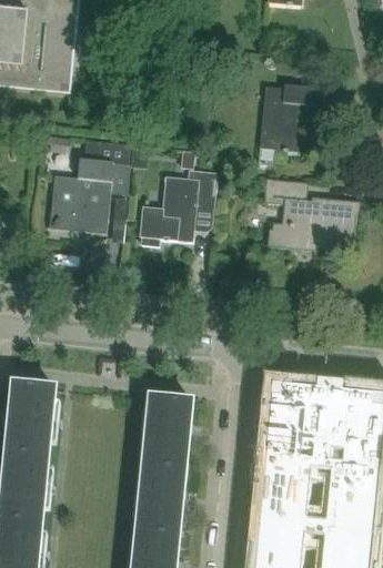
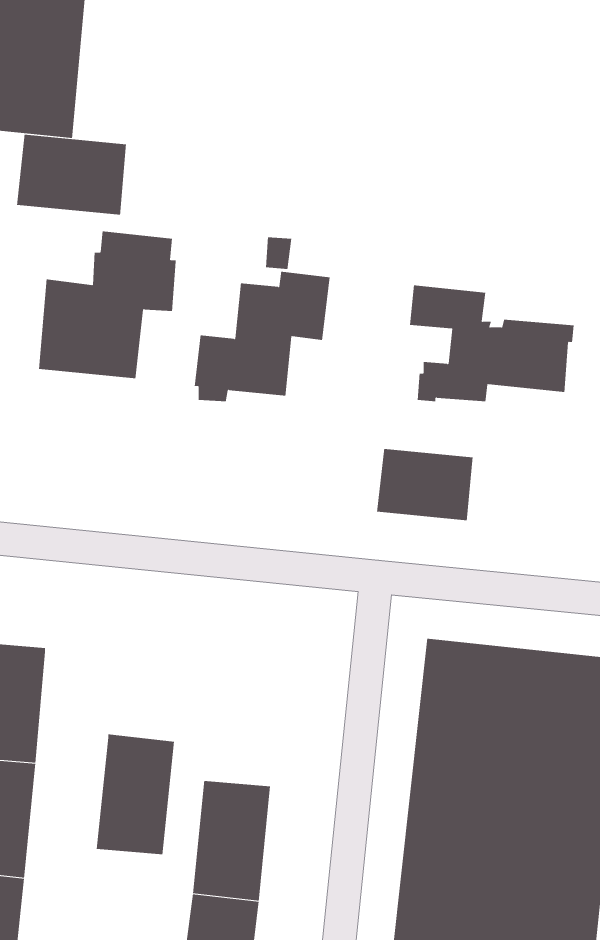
building: [260,85,324,151] -> none
building: none -> [16,134,127,216]
building: none -> [376,448,473,521]
building: [144,397,190,467] -> [96,734,175,855]

